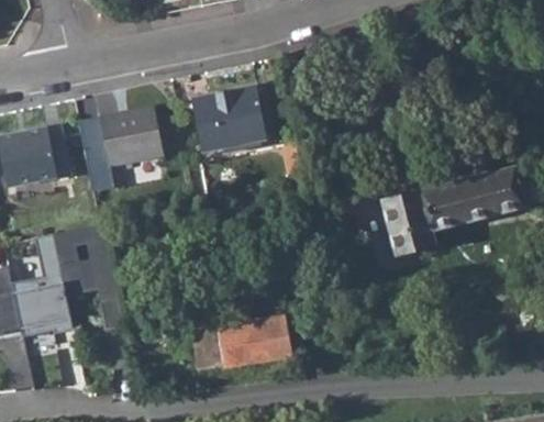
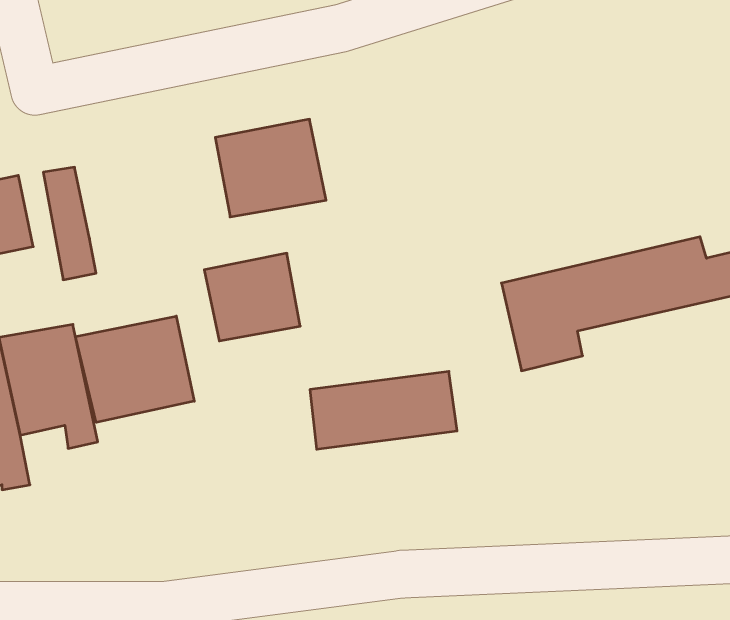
building: [98,108,162,166] -> [204,253,300,341]
building: none -> [76,316,194,422]
building: [189,315,287,367] -> [310,371,457,449]

